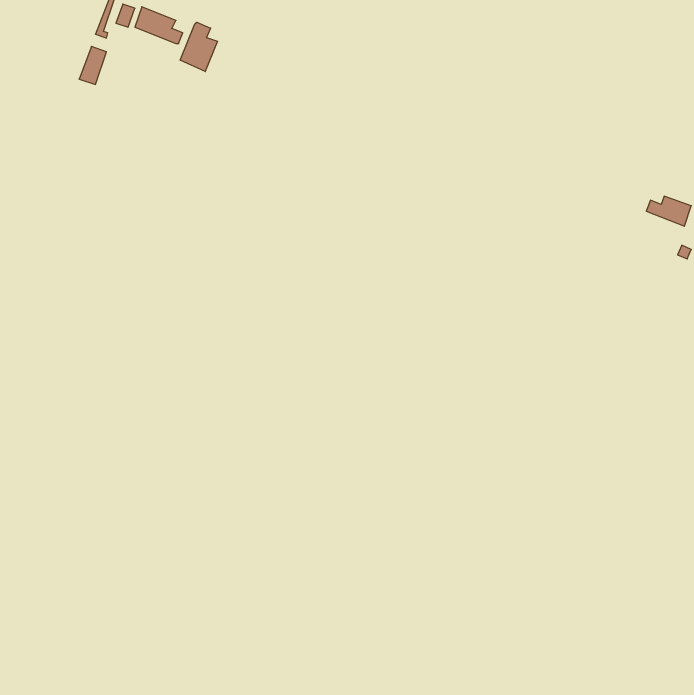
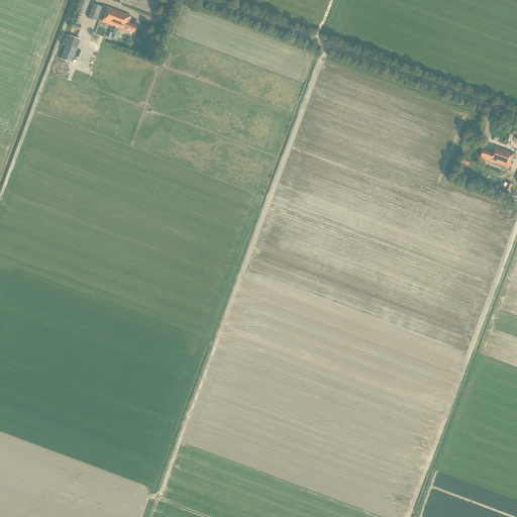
building: [180,22,217,72] -> none

